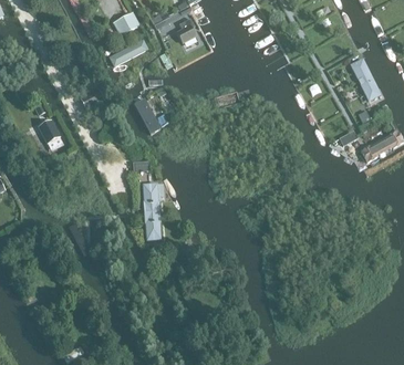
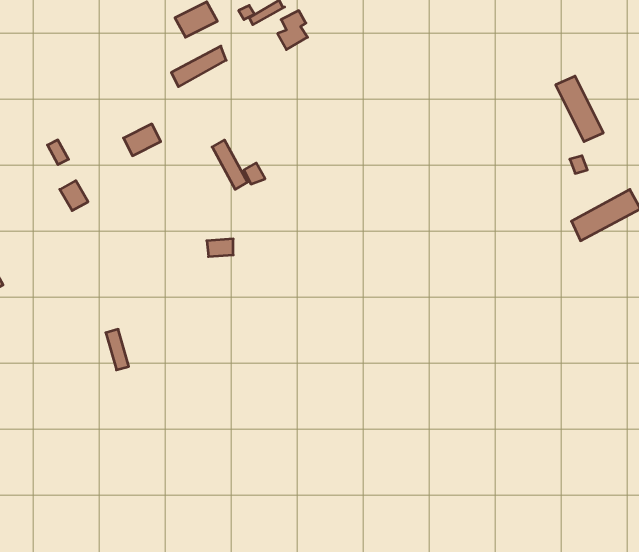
building: [142,182,162,241] -> none

